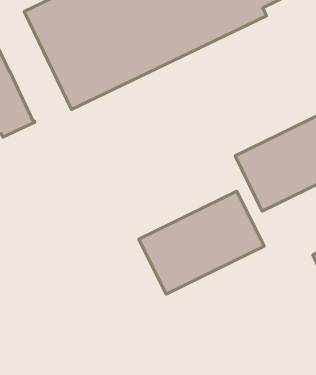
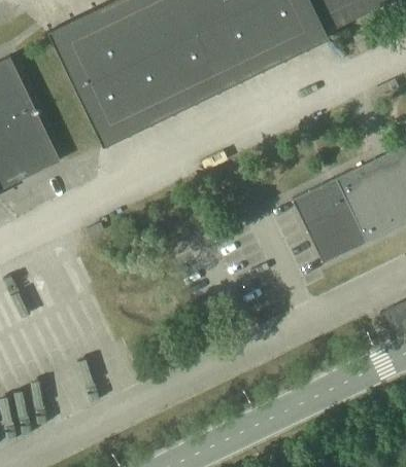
building: [139,191,264,294] -> none

